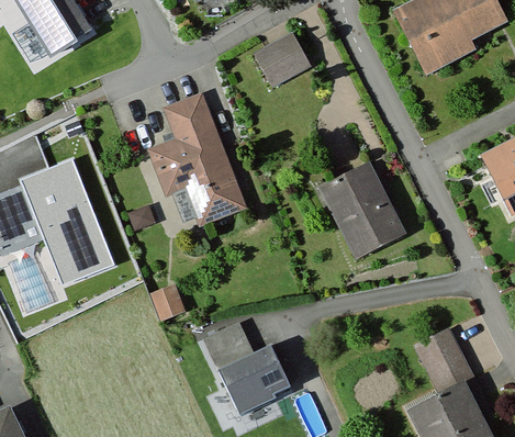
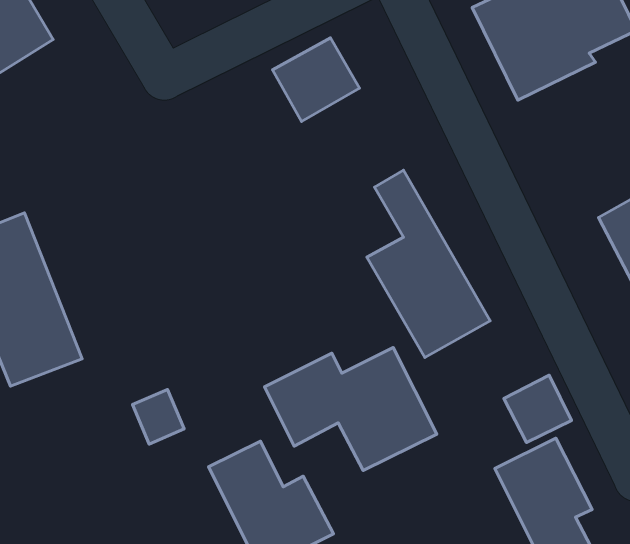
building: [147,85,251,235] -> none
building: none -> [264,347,437,471]
building: none -> [504,375,571,443]

